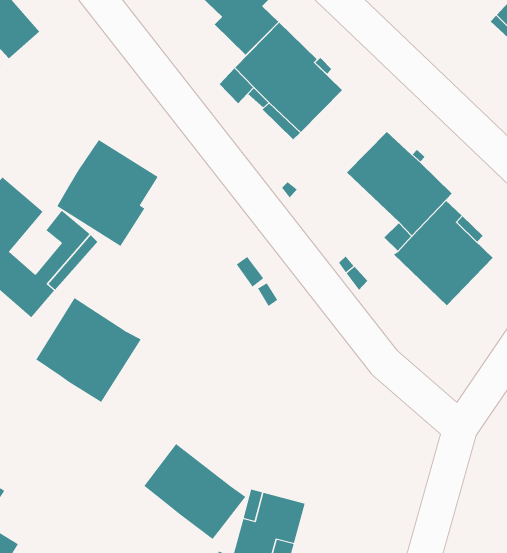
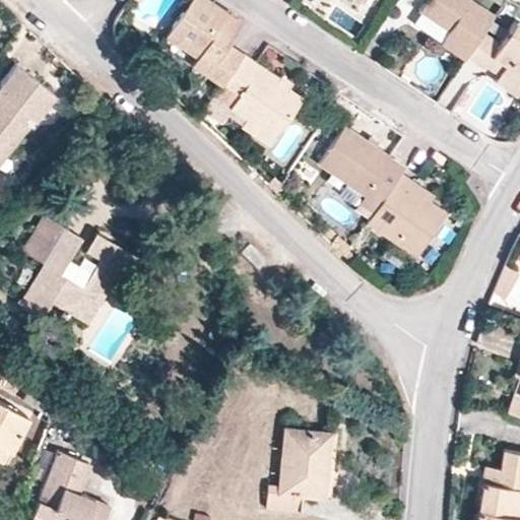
building: [56,139,159,247] -> none
building: [35,297,142,403] -> none
building: [143,443,246,540] -> none

